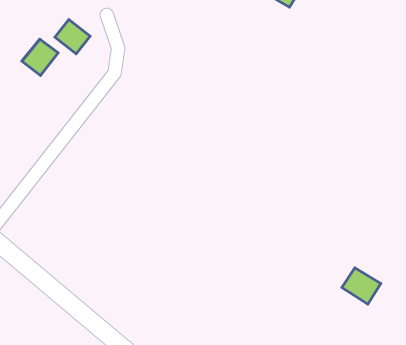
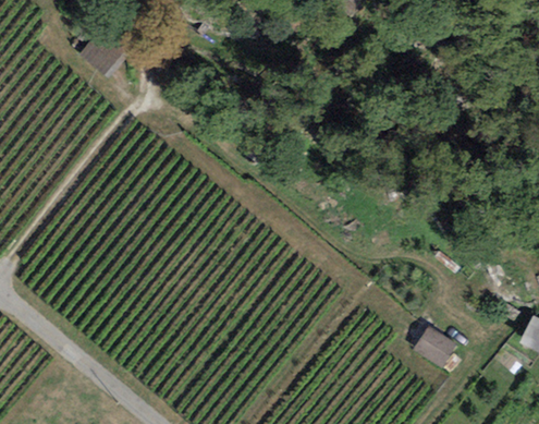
building: [22,39,58,76] -> none

